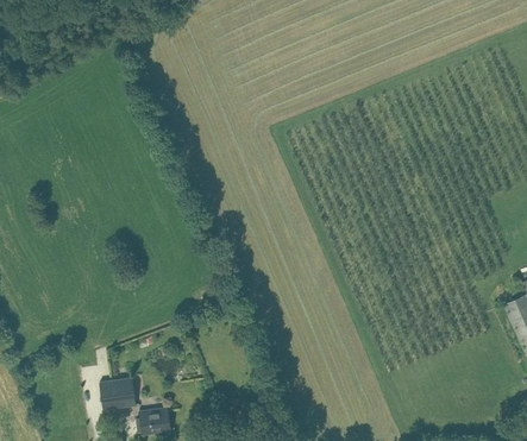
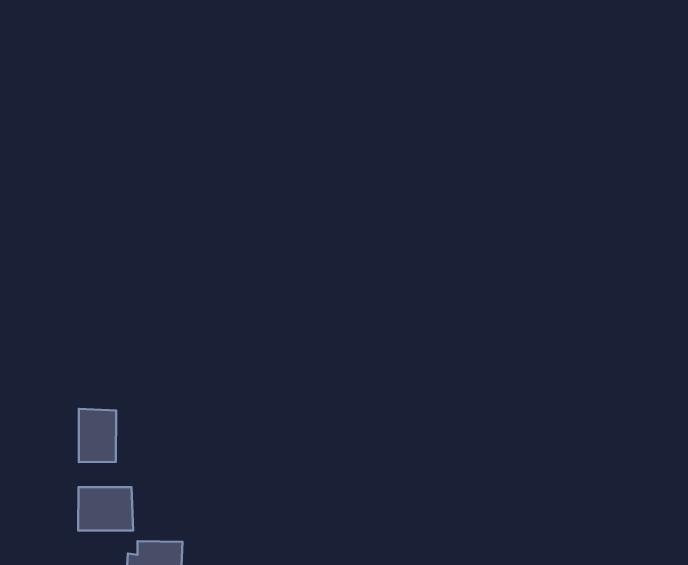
building: none -> [79,409,116,462]

